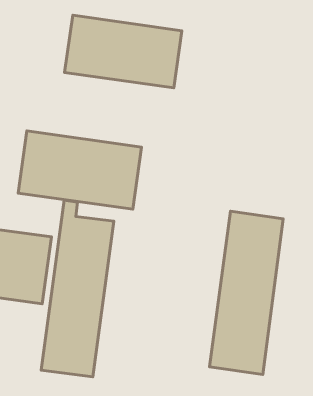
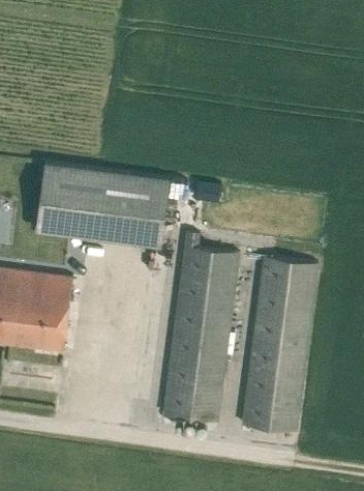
building: [64,15,182,88] -> none
building: [41,200,114,377] -> [163,227,242,418]

